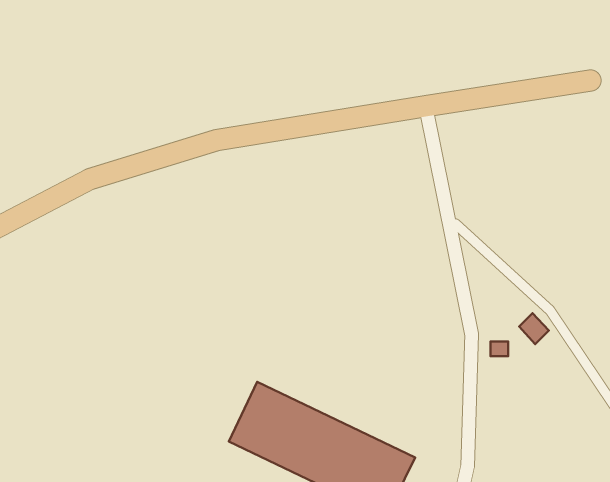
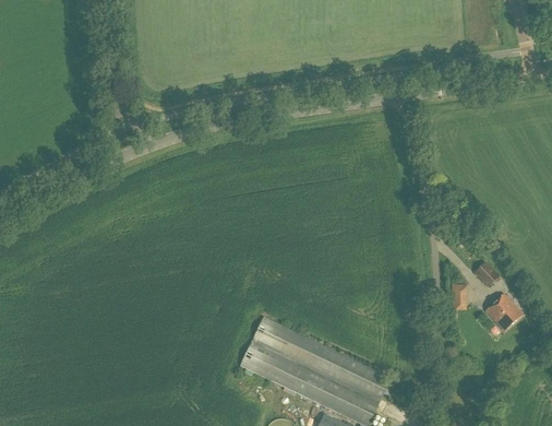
building: none -> [485,294,523,331]

